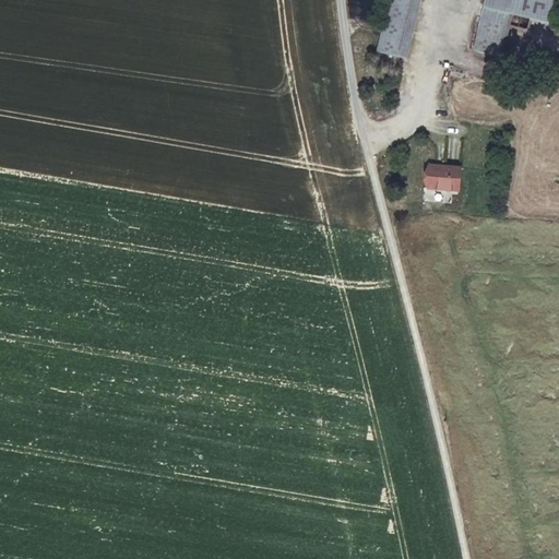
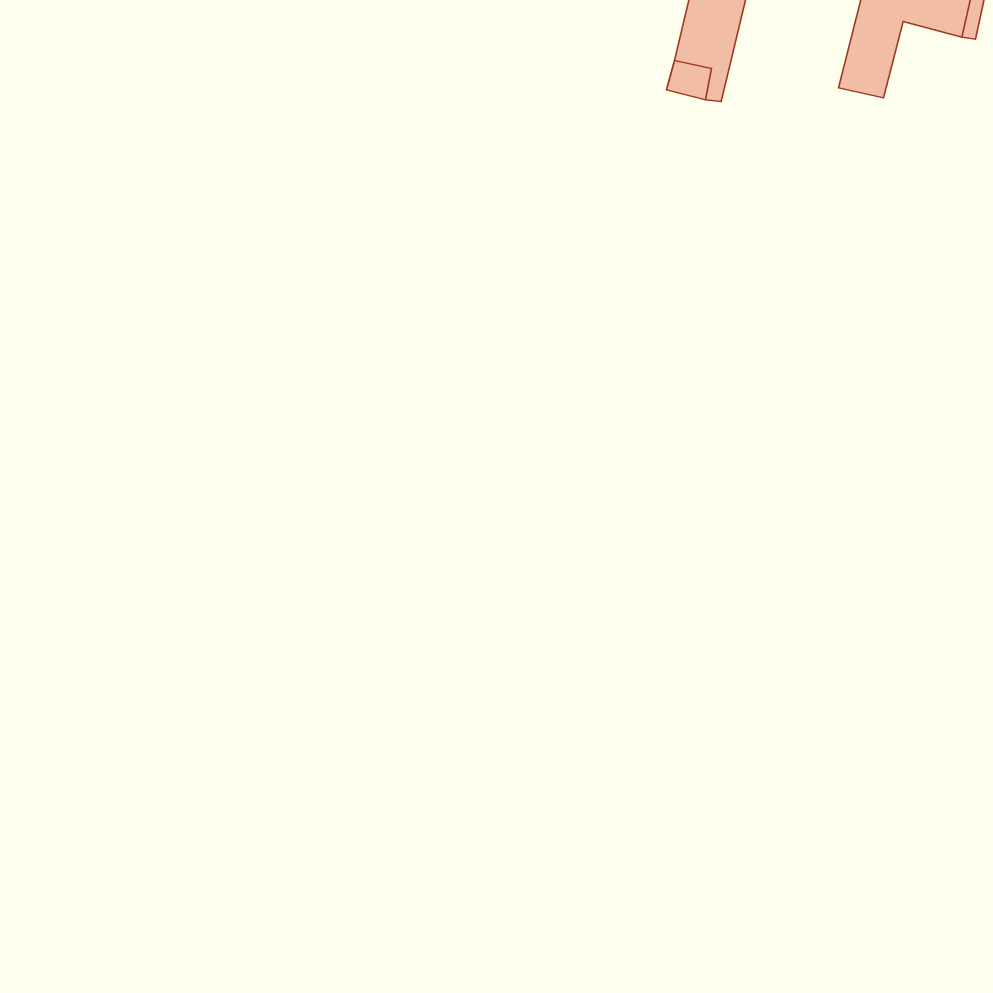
building: [426,164,460,189] -> none

